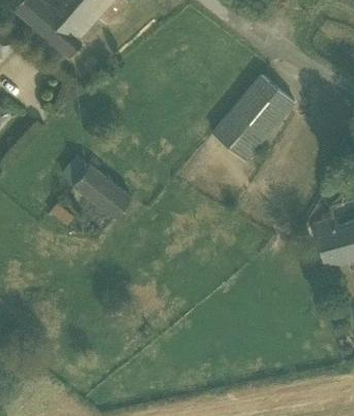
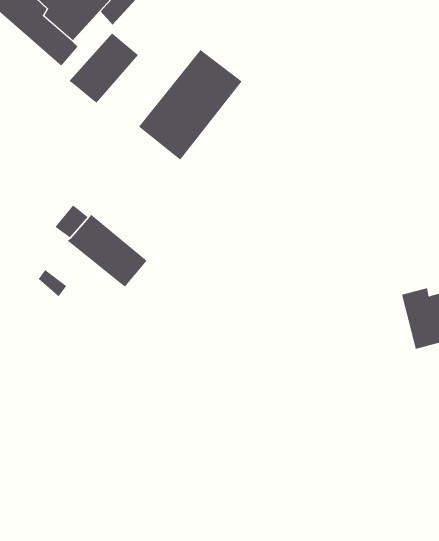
building: none -> [69,32,139,103]
building: [213,79,290,160] -> [138,49,243,160]

